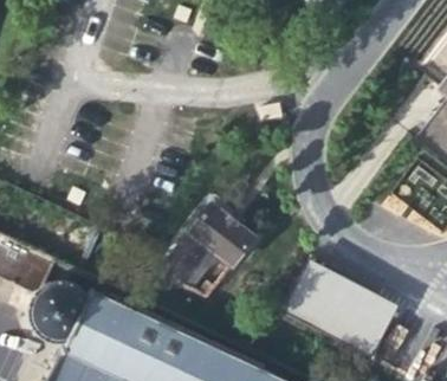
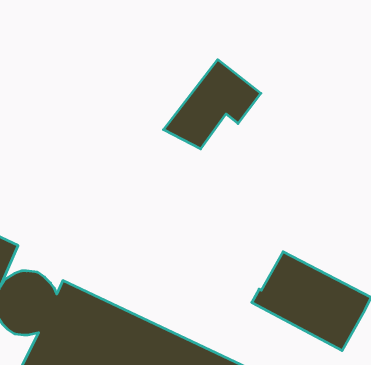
building: [163,207,259,295] -> [163,60,261,149]

